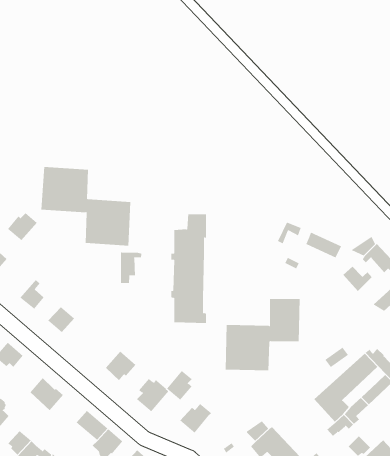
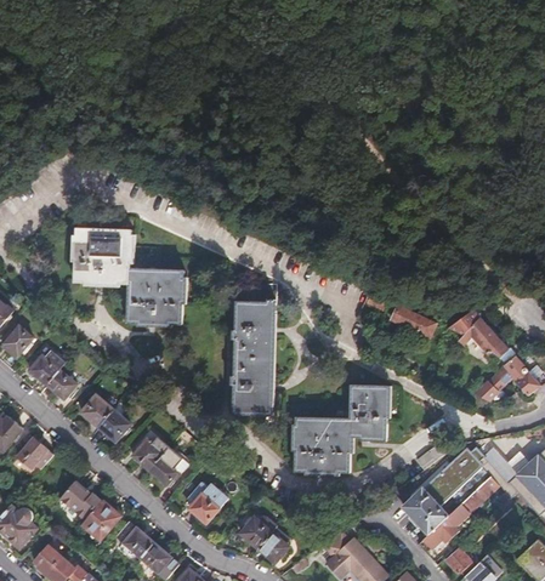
building: [7,213,37,241] -> [30,351,67,385]
building: [121,252,142,284] -> none
building: [343,266,372,292] -> none
building: none -> [98,404,131,442]
building: none -> [132,438,169,469]
building: [166,370,192,400] -> [259,526,290,563]
building: none -> [81,502,118,540]

